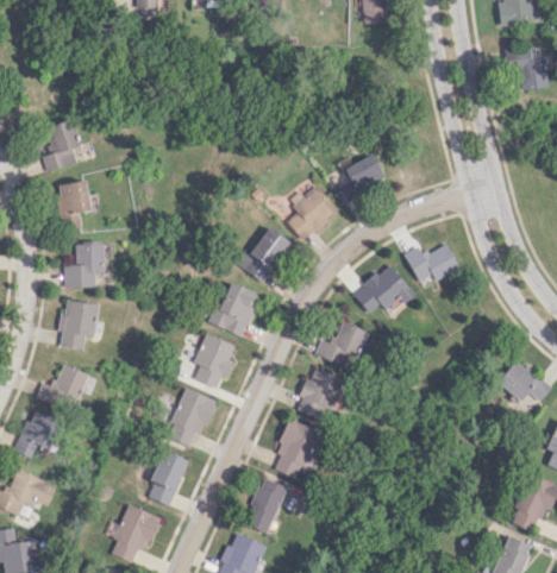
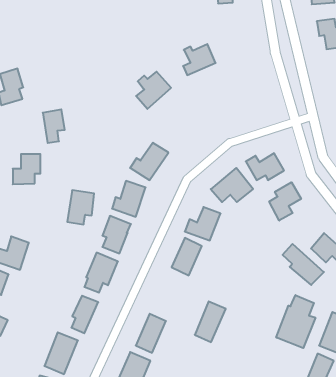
building: [338,153,386,199] -> [183,44,216,75]
building: [57,181,89,229] -> [43,109,65,143]
building: [287,185,338,240] -> [136,72,171,109]
building: none -> [269,182,301,221]
building: [58,300,98,350] -> [67,190,94,224]
building: none -> [283,244,324,285]
building: [270,420,315,479] -> [195,301,226,342]
building: none -> [276,295,315,348]

